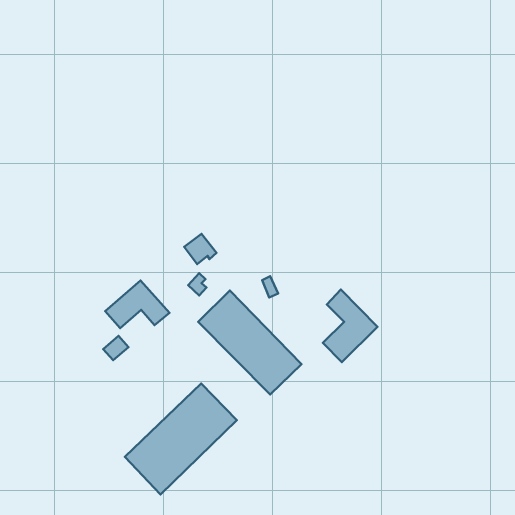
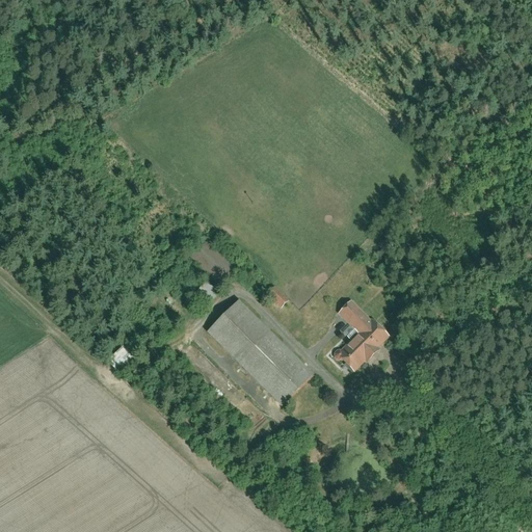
building: [105,280,170,328] -> none
building: [125,384,237,495] -> none

